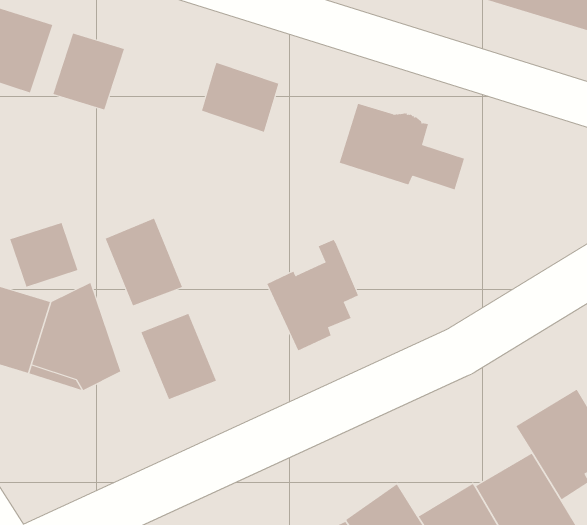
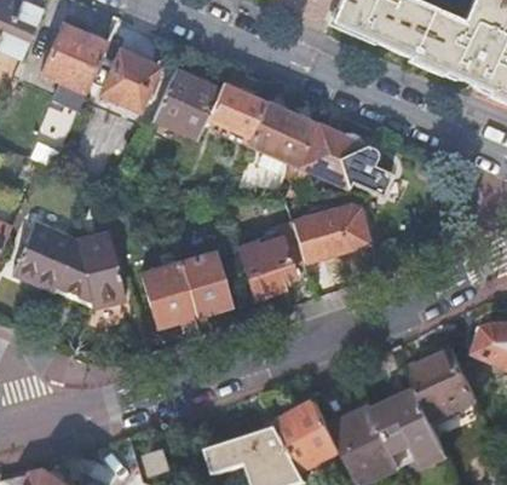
building: none -> [154,70,219,139]
building: none -> [247,104,316,168]
building: none -> [293,206,369,264]
building: [105,218,183,306] -> [182,252,234,313]
building: [10,222,78,287] -> none

